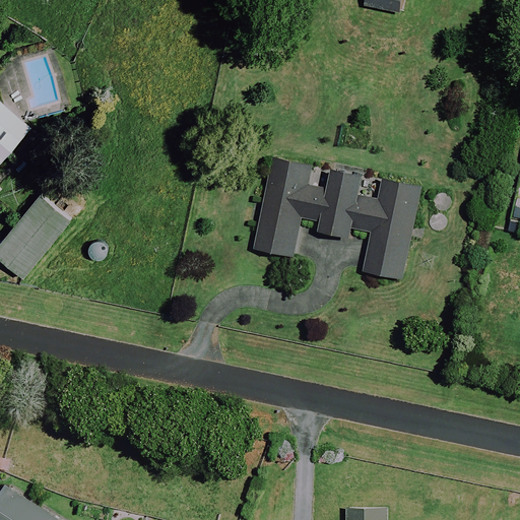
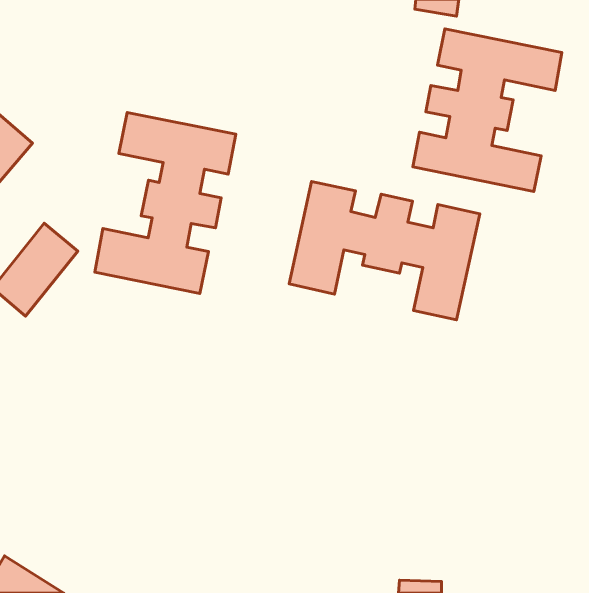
building: none -> [413,29,562,191]
building: none -> [95,112,236,293]

